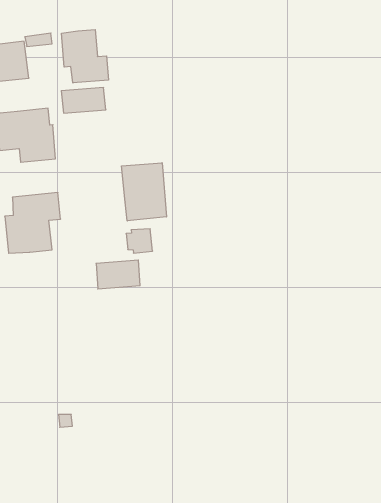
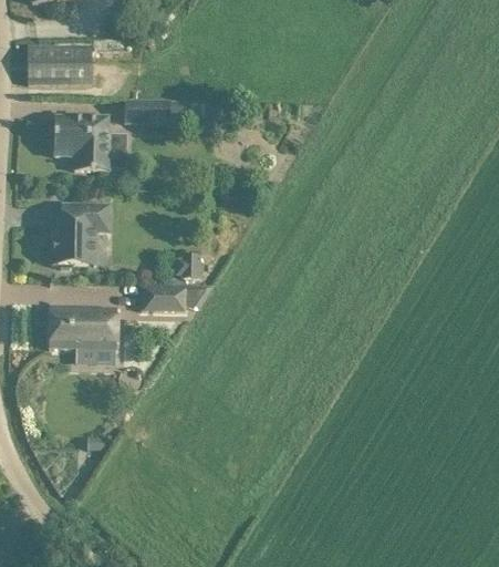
building: [62,30,108,83] -> none
building: [122,163,166,221] -> none
building: none -> [49,307,116,350]

